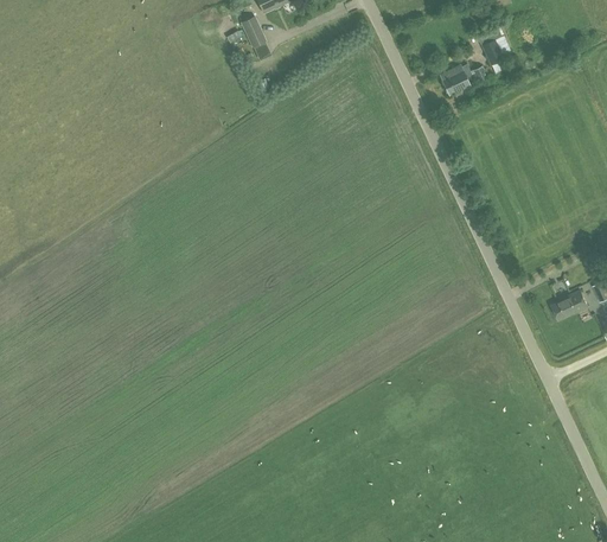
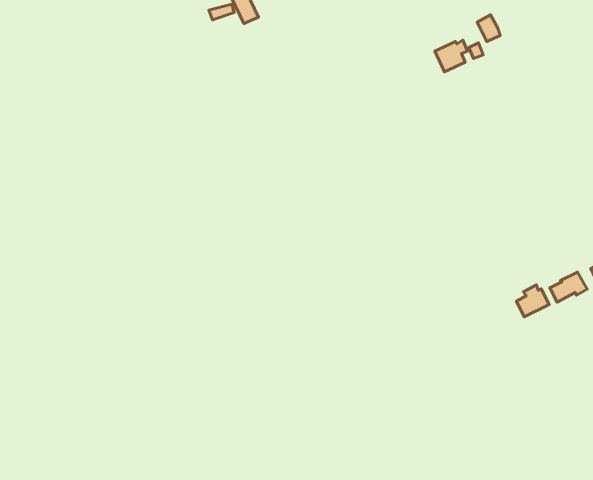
building: none -> [516,285,549,317]

